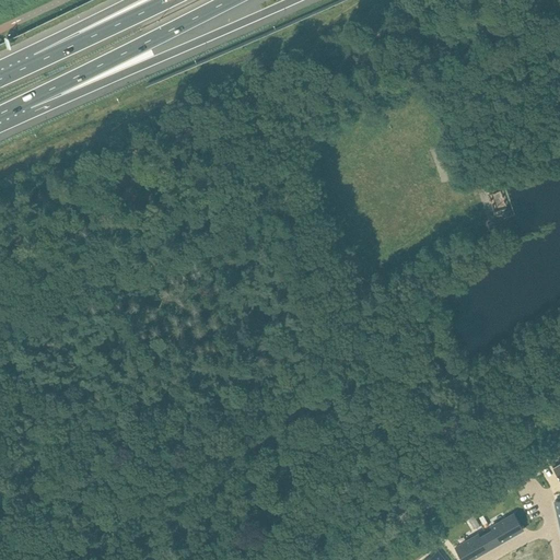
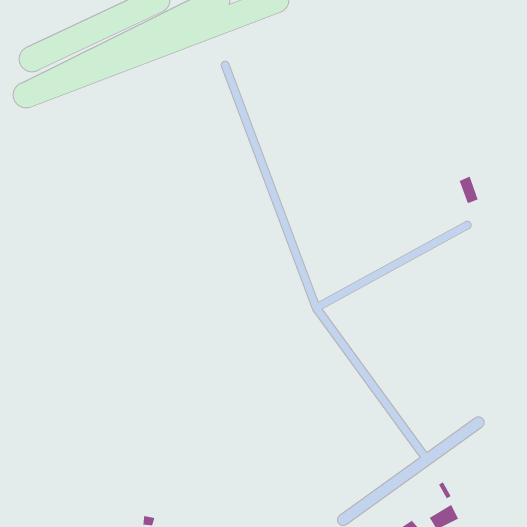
building: [489,514,522,544] -> none

